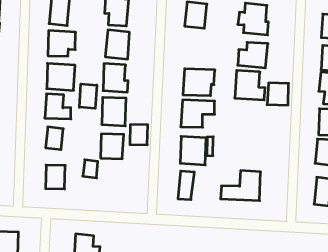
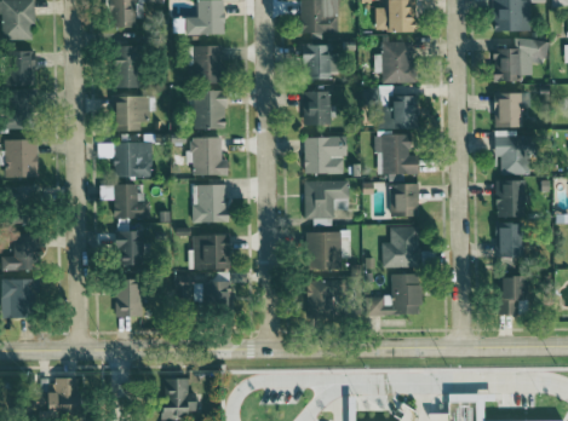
building: none -> [302,92,331,125]
building: [267,83,289,105] -> [390,186,419,218]
building: [79,84,97,108] -> none
building: [130,125,148,145] -> [203,282,229,311]
building: none -> [381,226,417,269]

